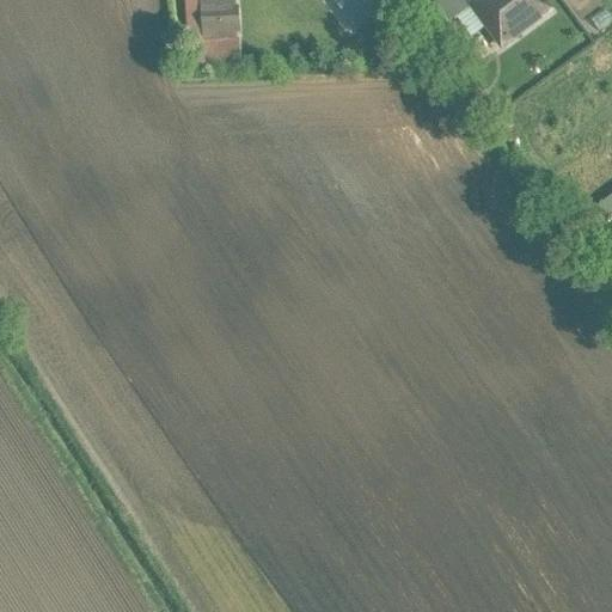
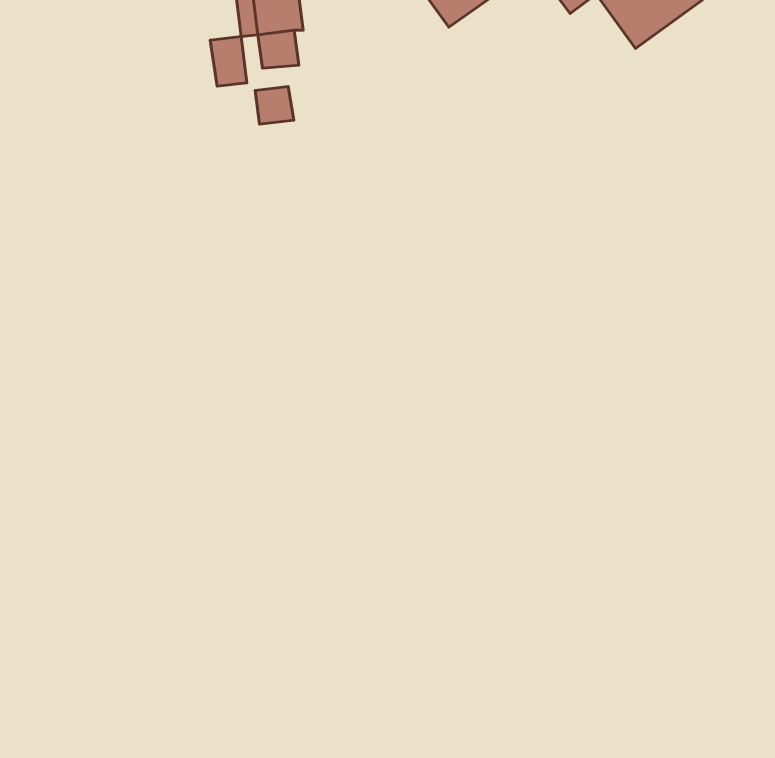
building: none -> [210,36,247,86]
building: none -> [255,87,294,124]

